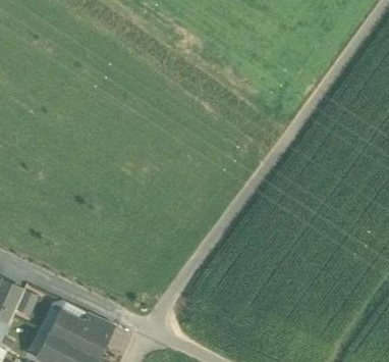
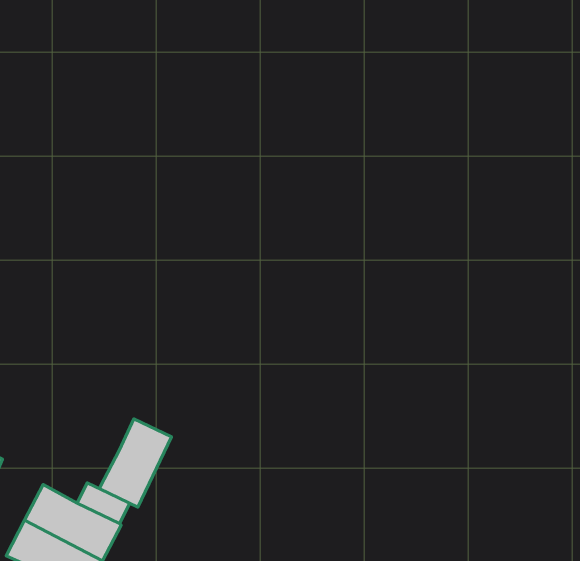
building: none -> [100,419,172,507]

